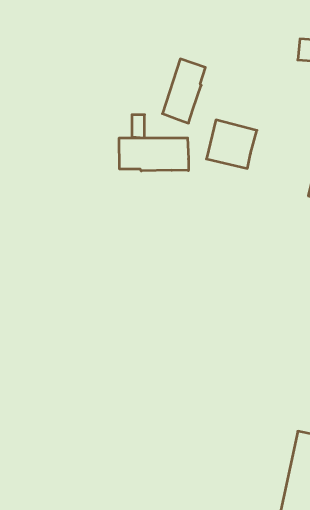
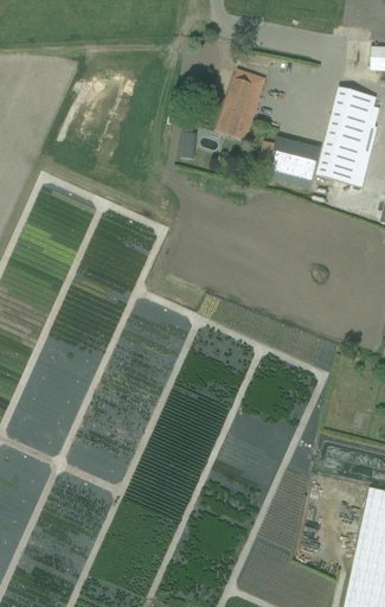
building: none -> [315,88,377,185]
building: [119,138,188,171] -> none

